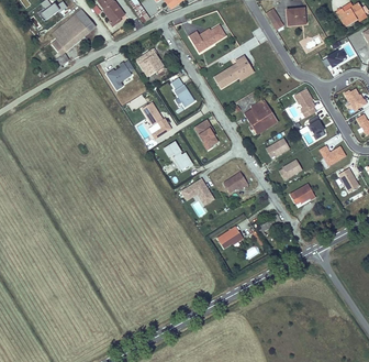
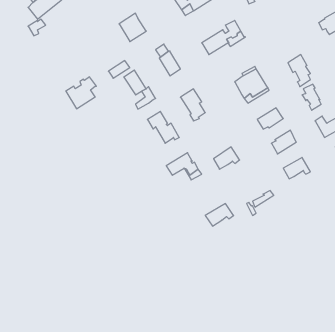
building: [107,61,135,90] -> [66,77,96,109]

